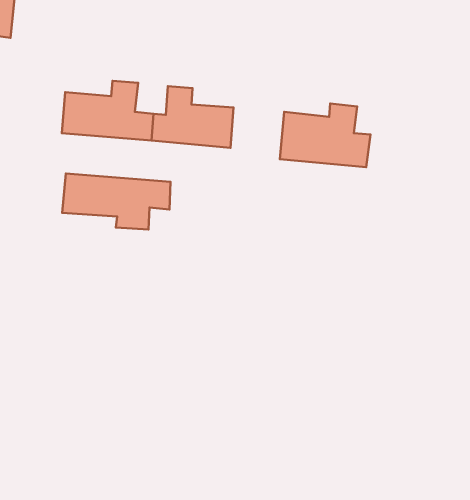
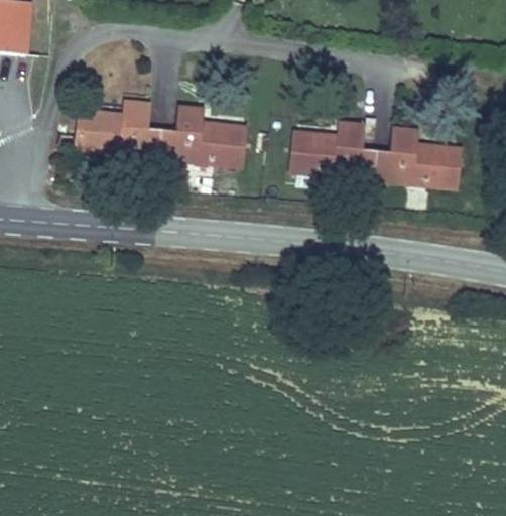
building: none -> [374,125,462,189]
building: [62,174,170,230] -> none

